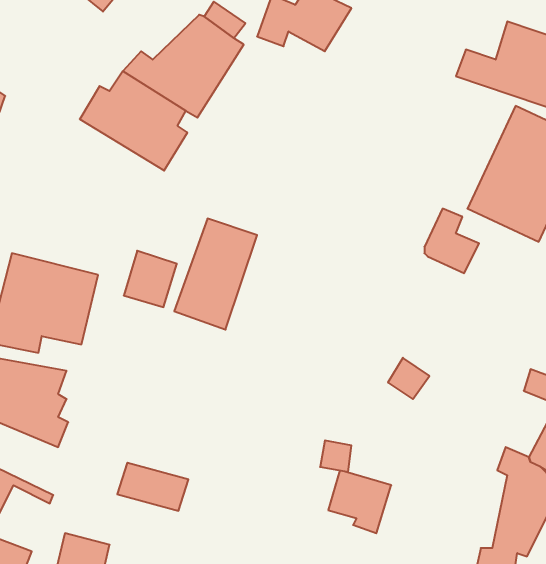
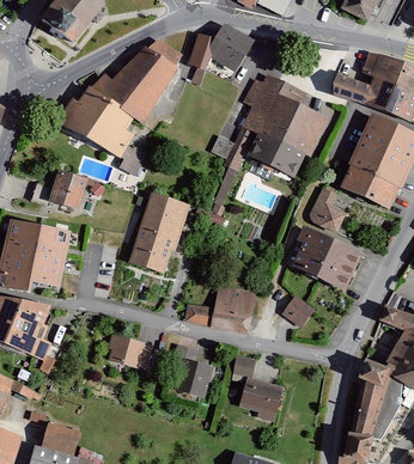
building: none -> [223,73,327,177]
building: [124,251,177,307] -> [48,169,86,209]
building: none -> [287,225,364,289]
building: none -> [184,287,255,329]
building: none -> [173,356,213,396]
building: [117,463,188,511] -> [102,334,153,368]

